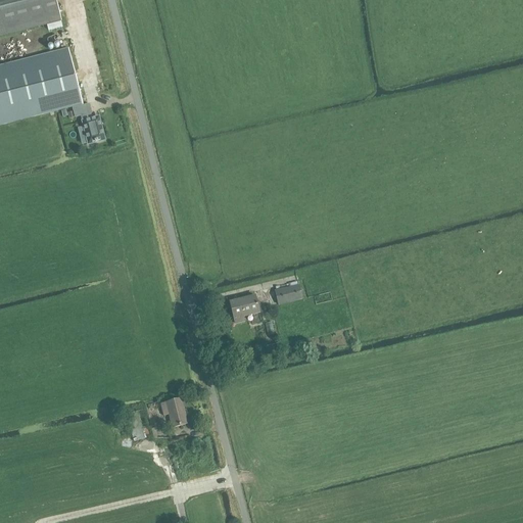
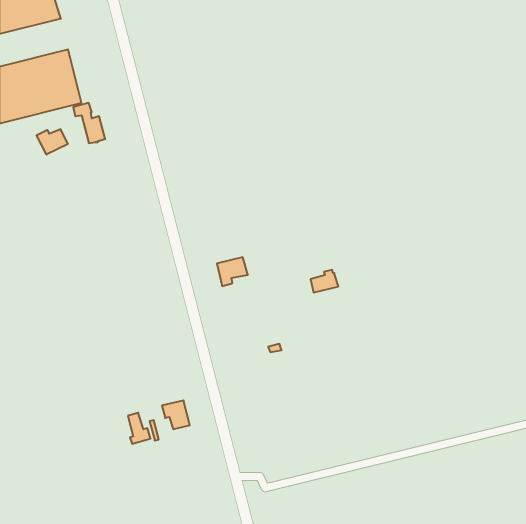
building: none -> [37,129,68,155]
building: [275,280,302,302] -> [311,270,338,293]
building: [229,294,259,323] -> [217,257,248,286]

